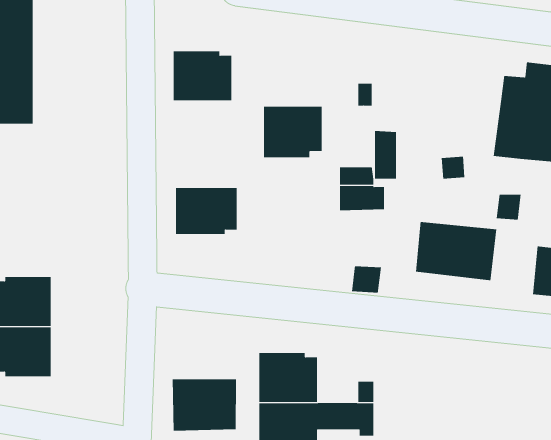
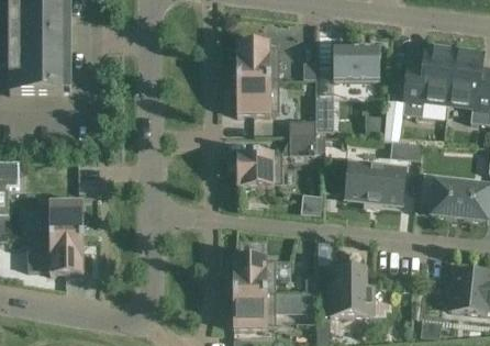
building: [173,51,232,101] -> [235,42,278,78]
building: none -> [332,45,378,79]
building: [175,187,238,235] -> [236,153,281,187]
building: none -> [328,267,372,314]
building: [172,379,236,432] -> none

